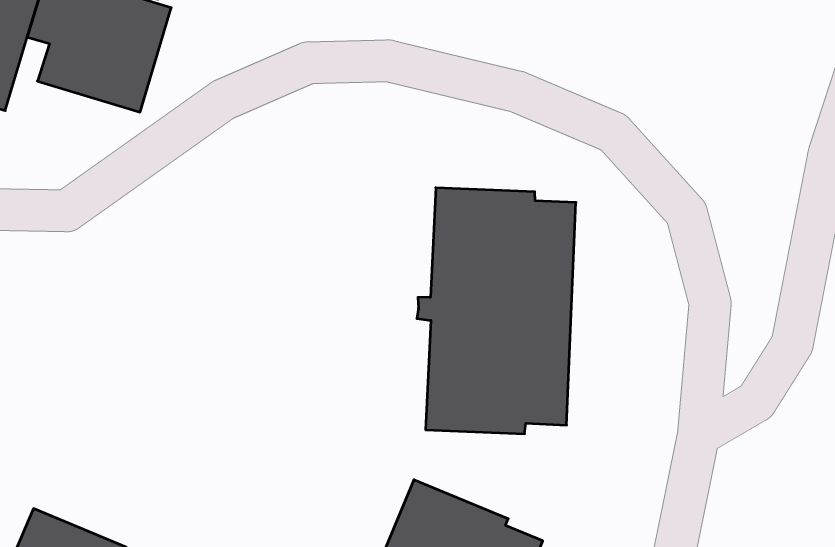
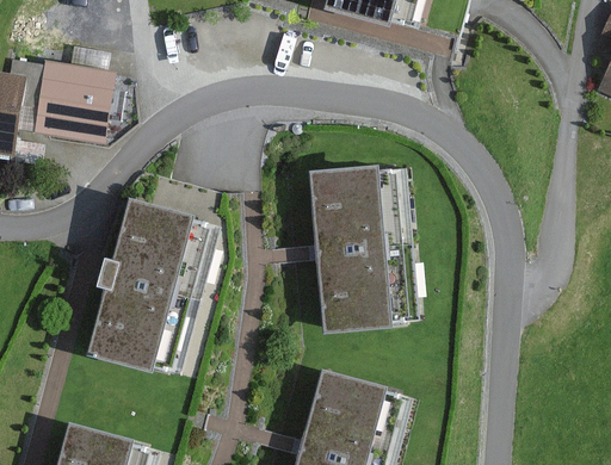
building: none -> [86,199,220,374]

